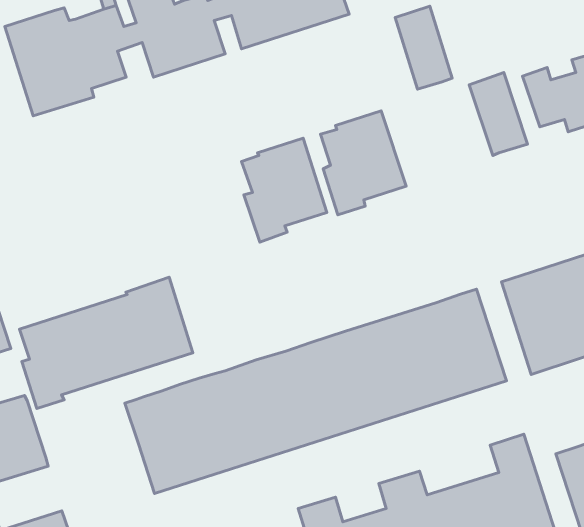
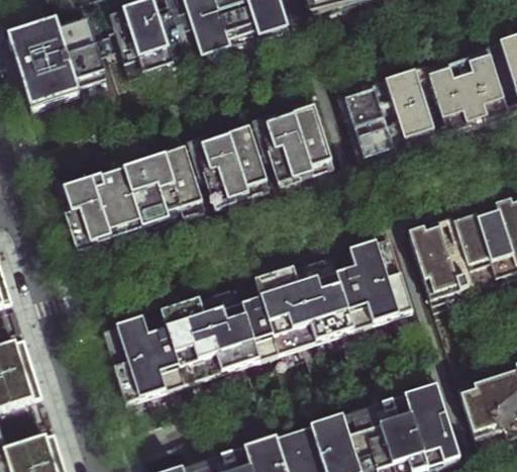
building: [395,6,452,89] -> [345,87,392,155]
building: [19,277,193,409] -> [63,144,204,251]

